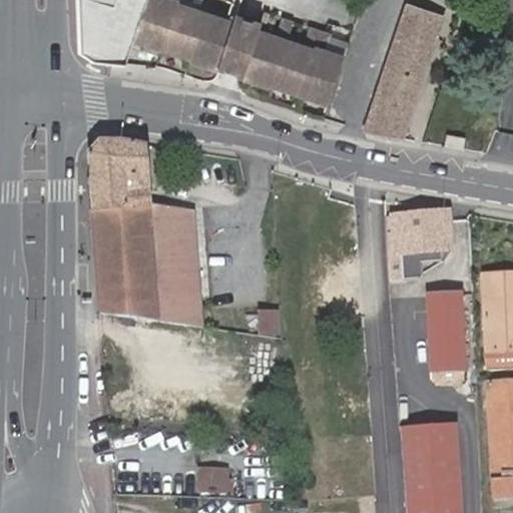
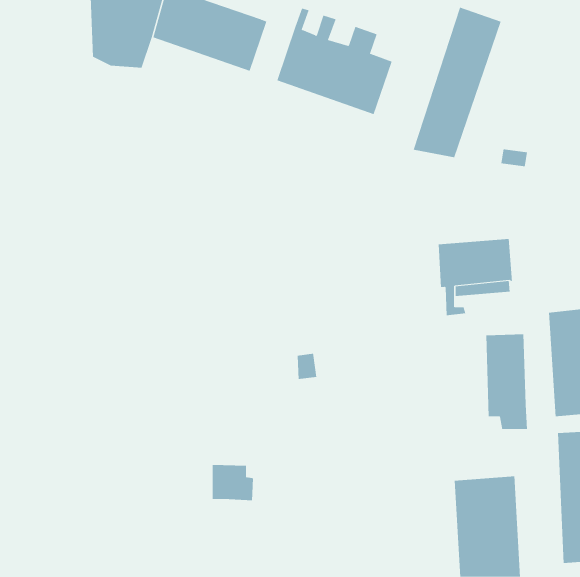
building: [221,19,261,71] -> none
building: [89,140,200,328] -> none
building: [198,465,235,497] -> [212,464,254,501]

